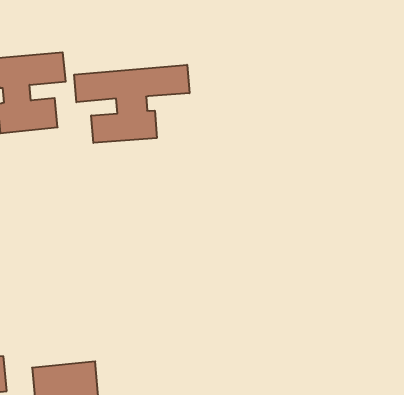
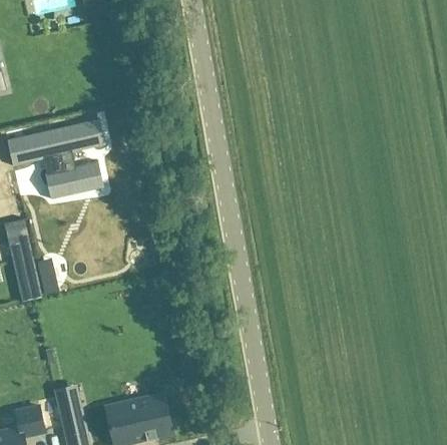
building: [74,65,189,143] -> none

